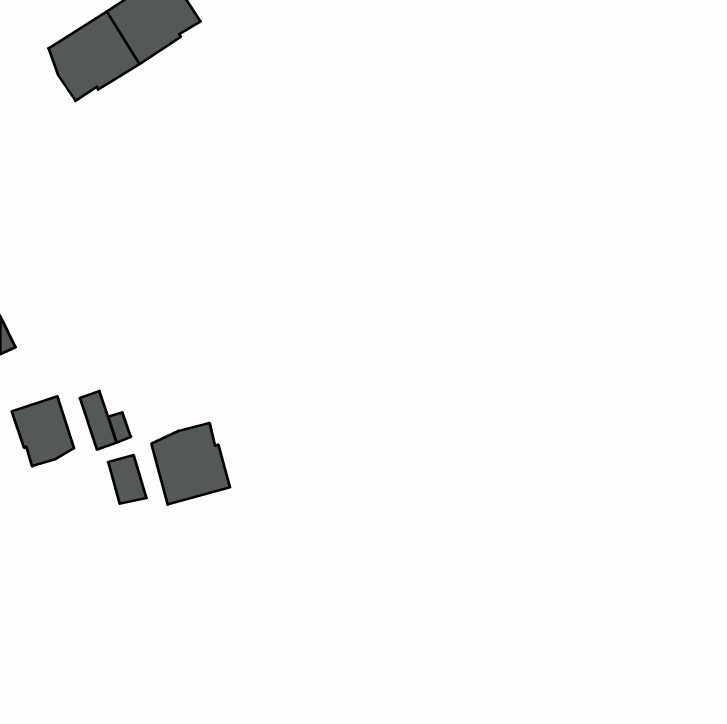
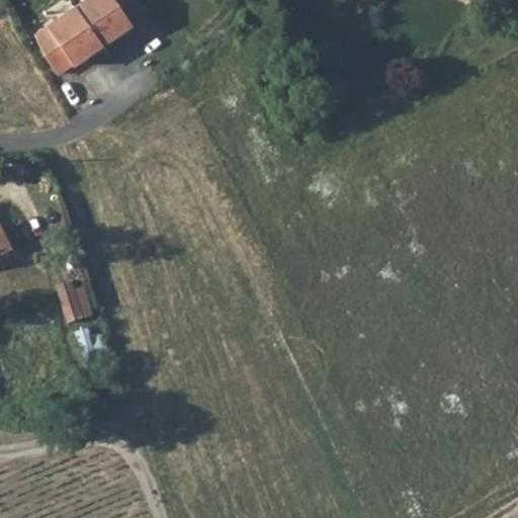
building: [12,396,74,466] -> none
building: [152,423,230,505] -> none

